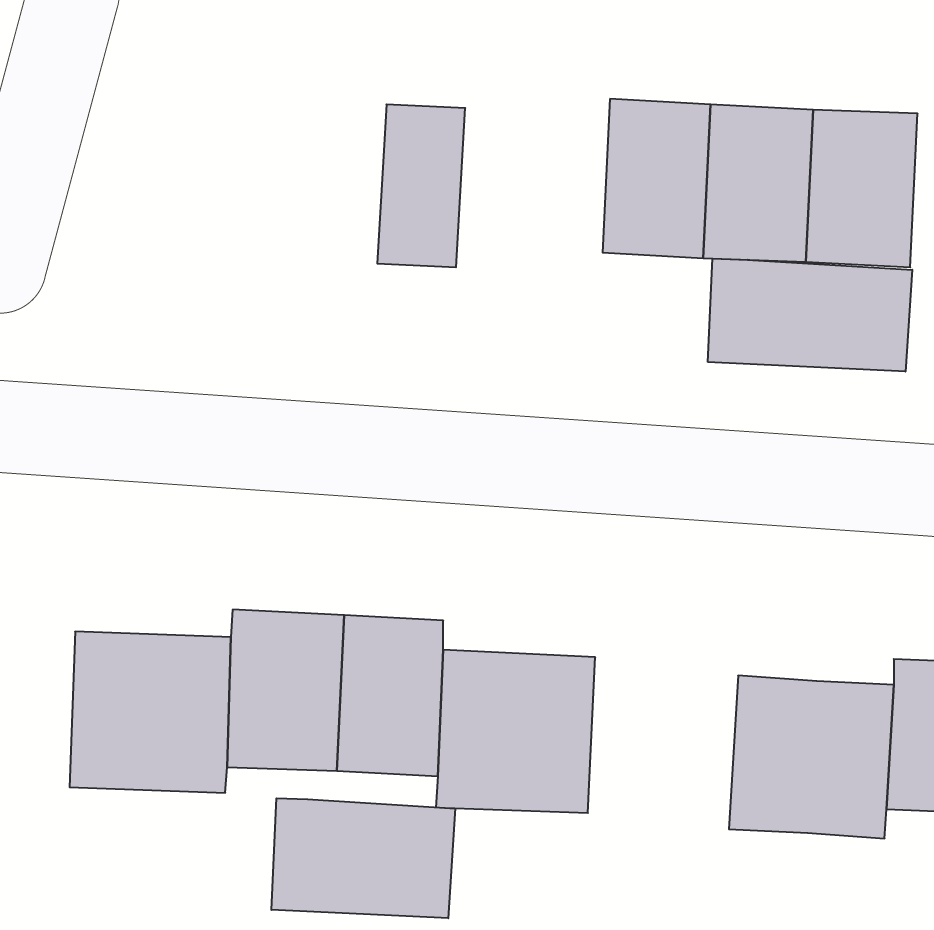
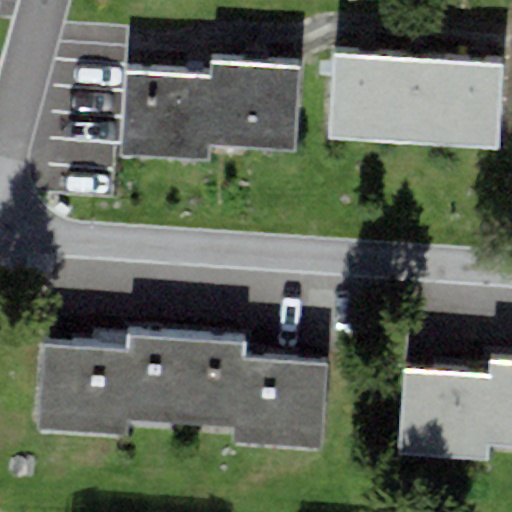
building: none -> [250,59,300,149]
building: none -> [121,71,211,160]
building: [708,259,912,372] -> none
building: [271,798,455,918] -> none

